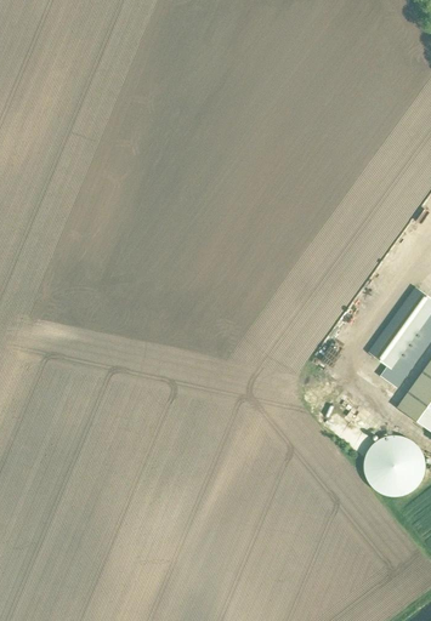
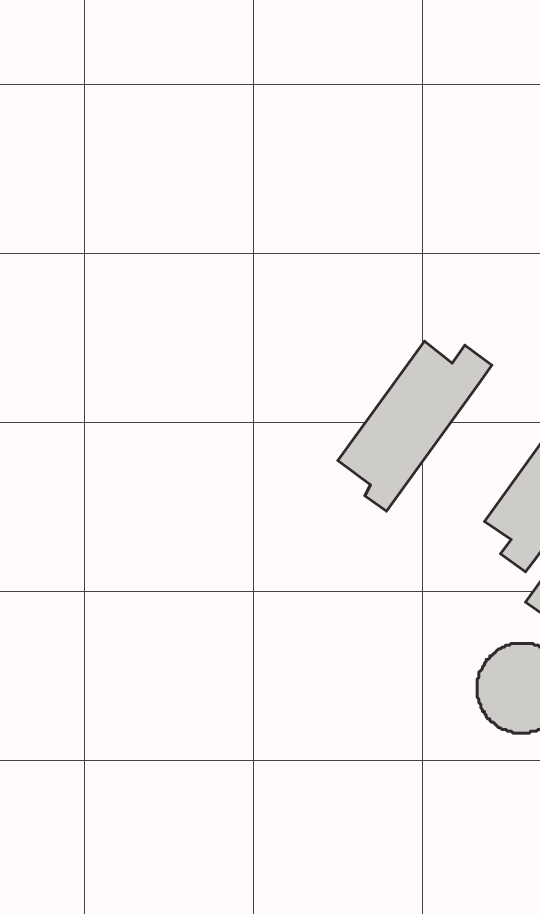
building: none -> [338,341,492,511]

